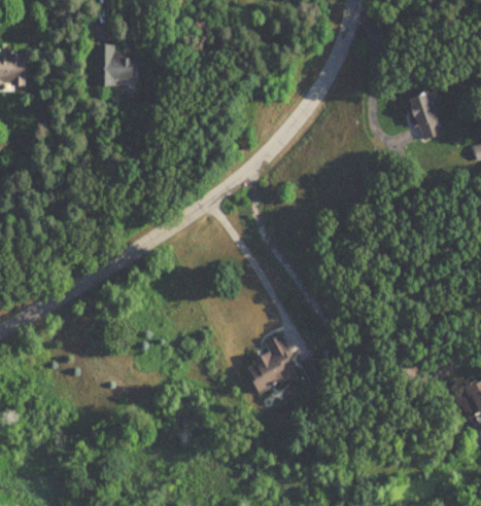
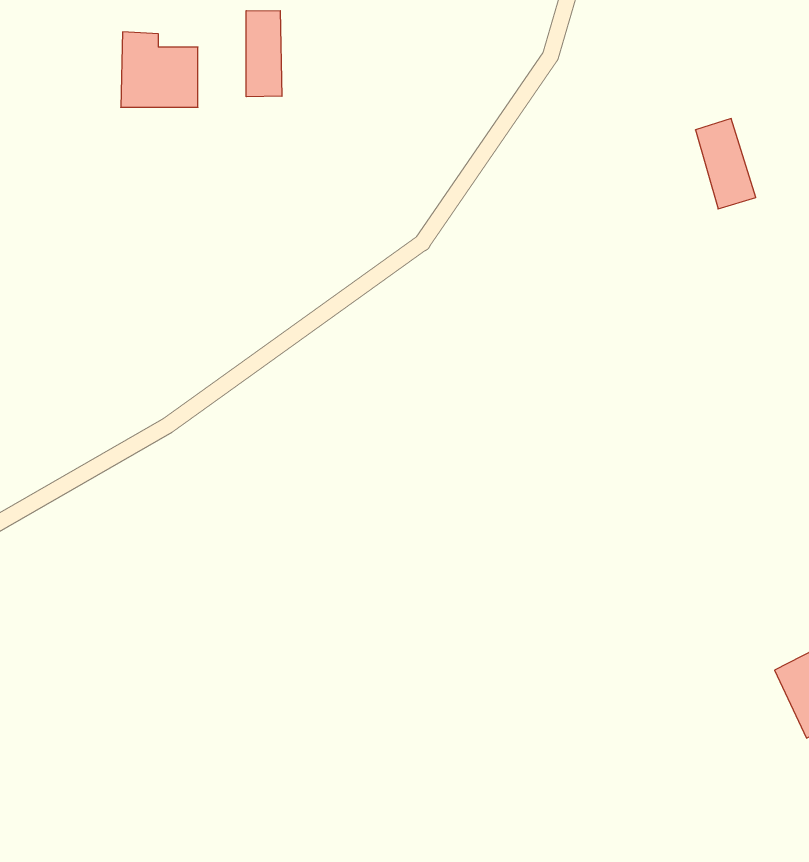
building: none -> [246,11,282,97]
building: [247,334,301,393] -> none

